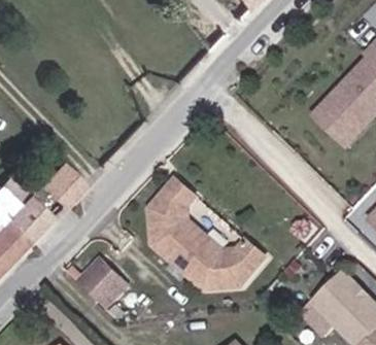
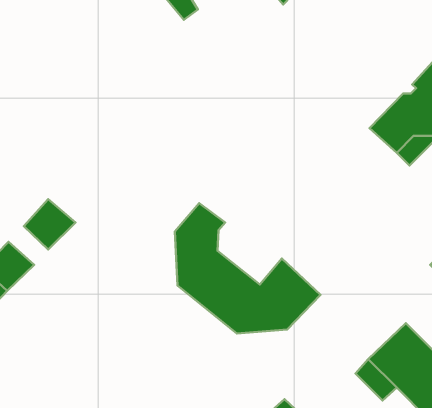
building: [81,251,131,303] -> none

